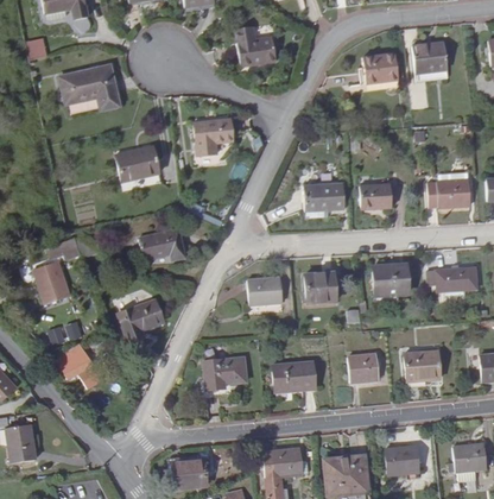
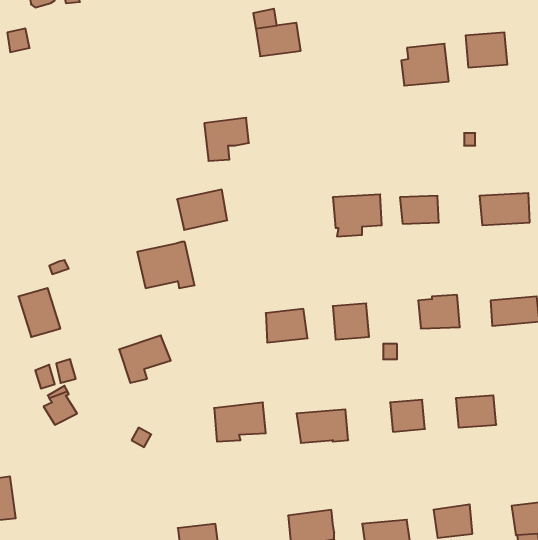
building: [61,67,120,109] -> none
building: [119,152,162,187] -> [177,190,227,230]

